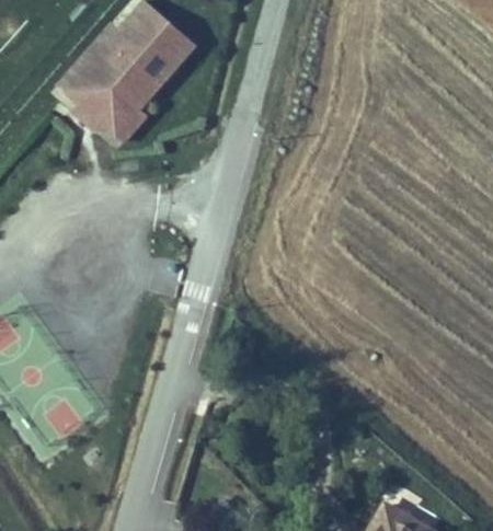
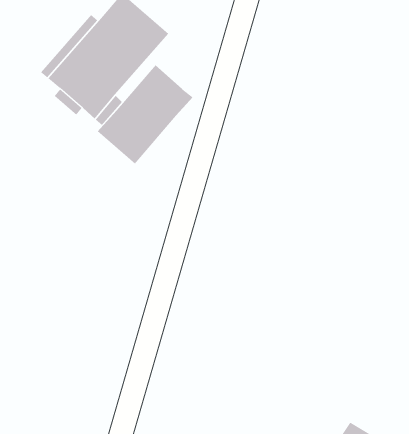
building: none -> [97,64,193,164]

